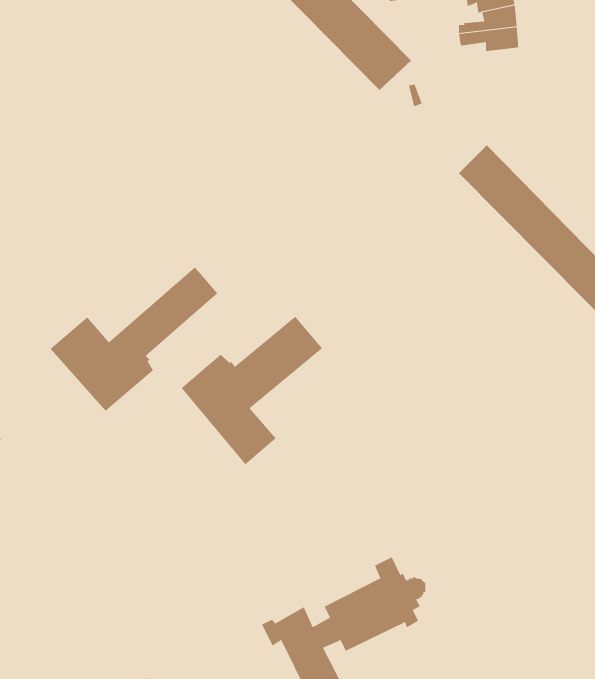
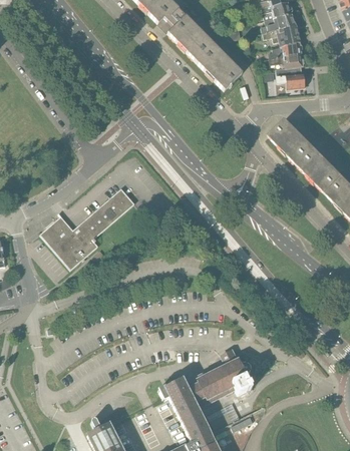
building: none -> [276,65,305,87]
building: [181,316,323,465] -> none

